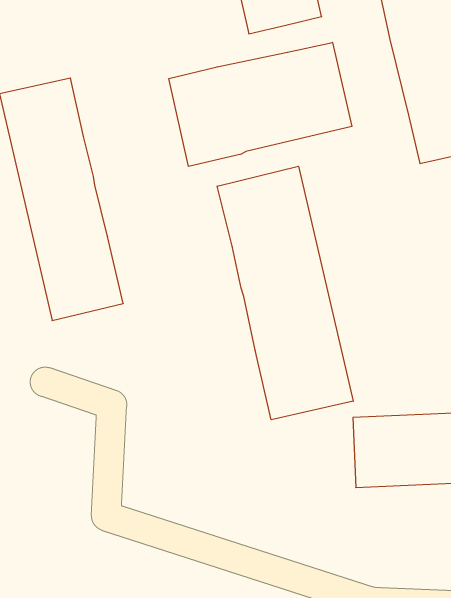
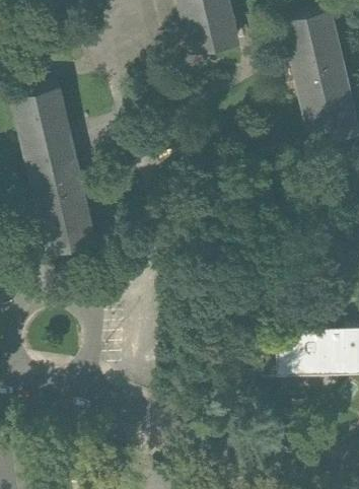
building: [169,42,352,166] -> none
building: [217,166,353,420] -> none

